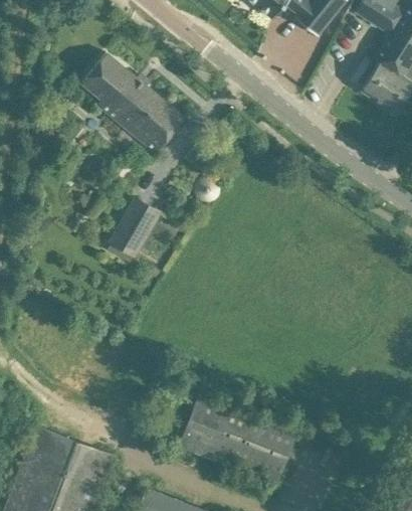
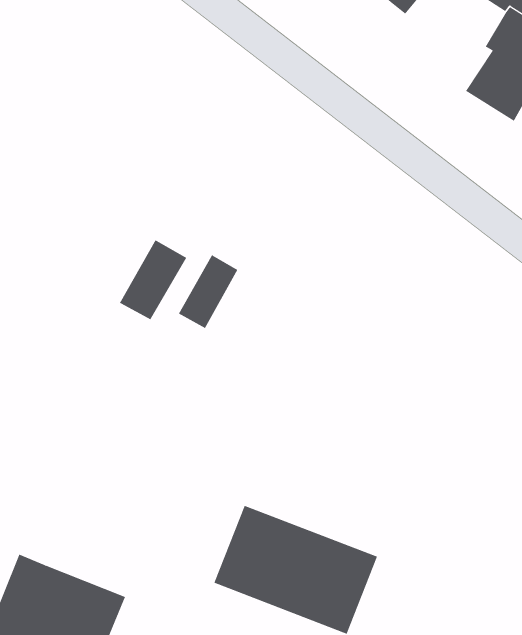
building: [81,53,185,148] -> none
building: none -> [178,254,238,329]

